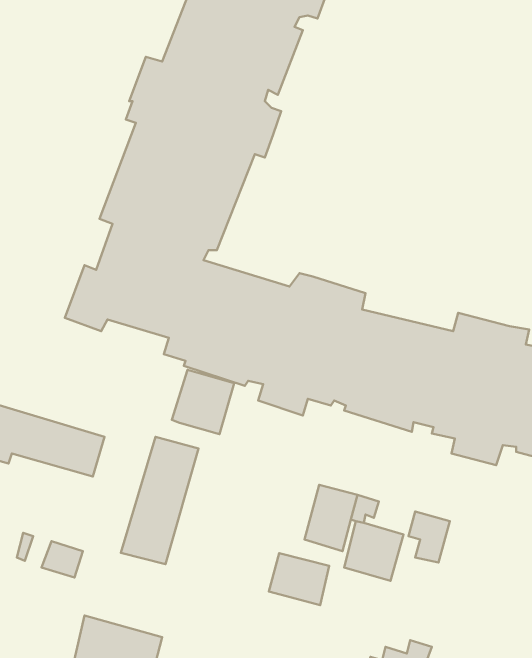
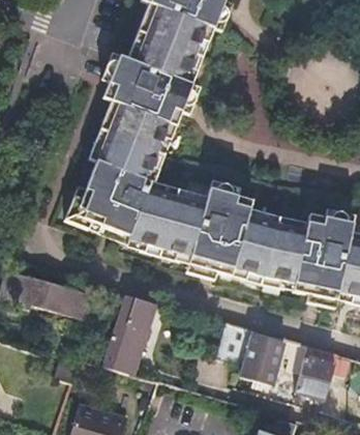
building: [172,370,234,434] -> none
building: none -> [294,345,335,399]
building: [269,553,329,605] -> none

